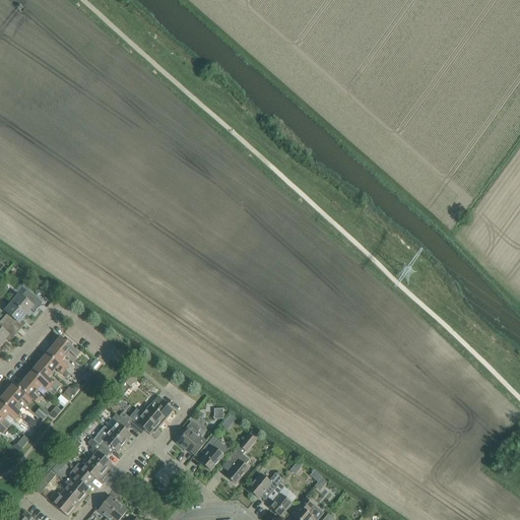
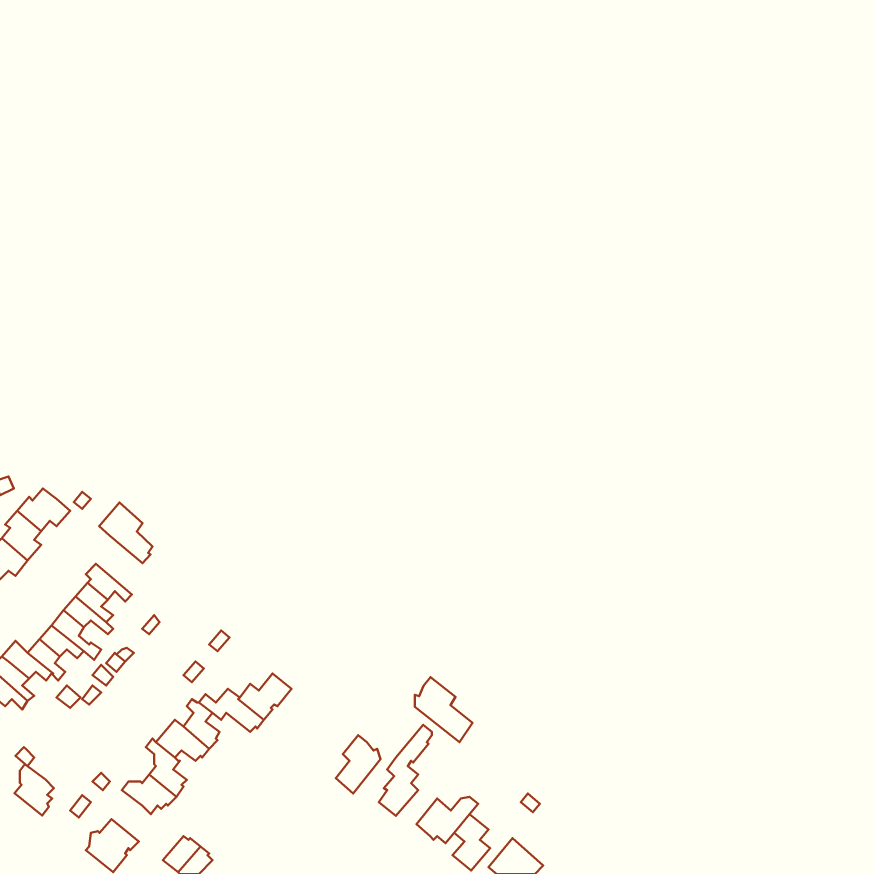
building: none -> [99,503,152,563]
building: none -> [415,677,473,742]
building: [176,421,205,454] -> none
building: [66,468,89,499] -> [15,764,54,816]

